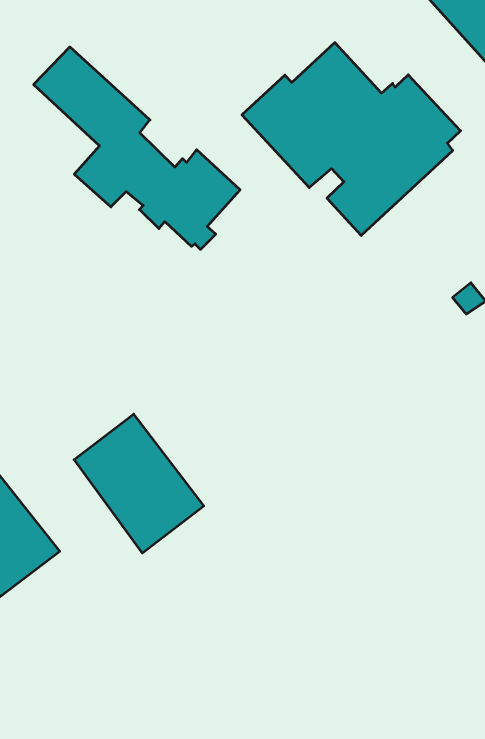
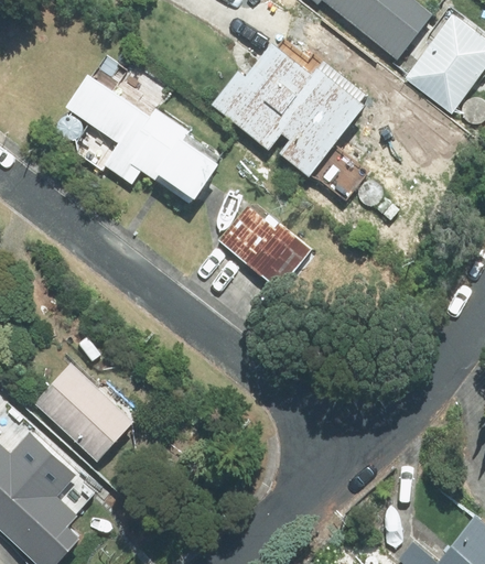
building: none -> [219,204,310,288]
building: [74,414,204,553] -> none

